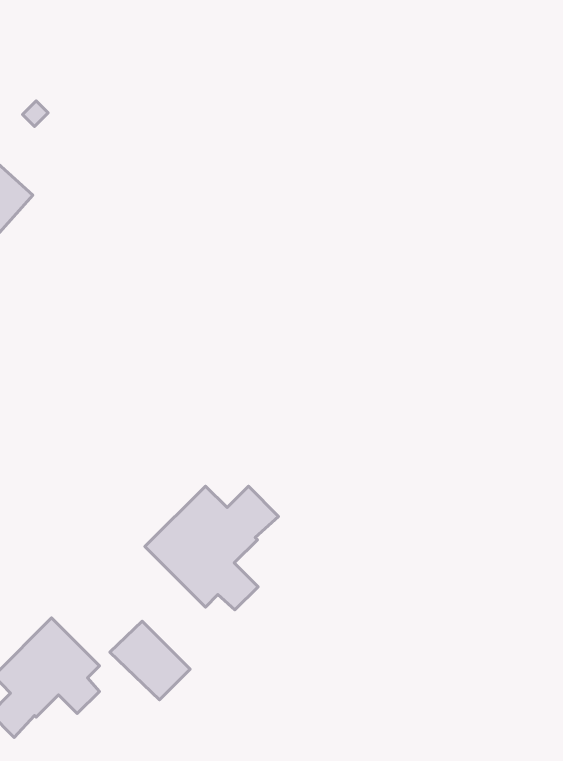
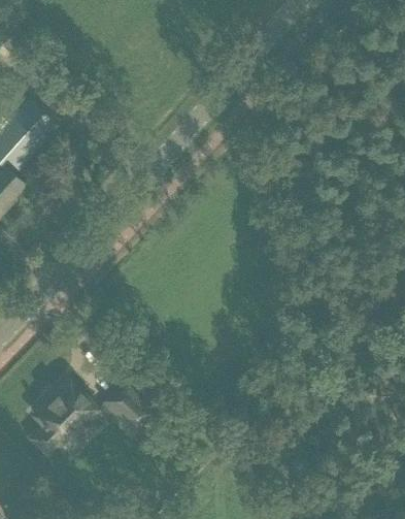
building: [145,486,279,610] -> none

